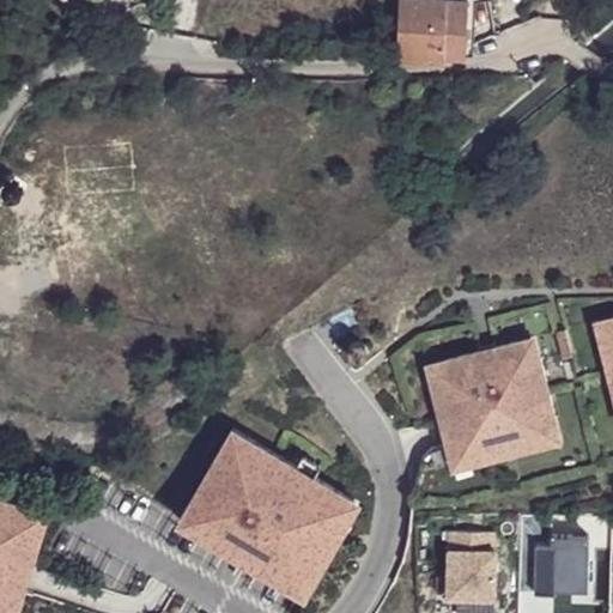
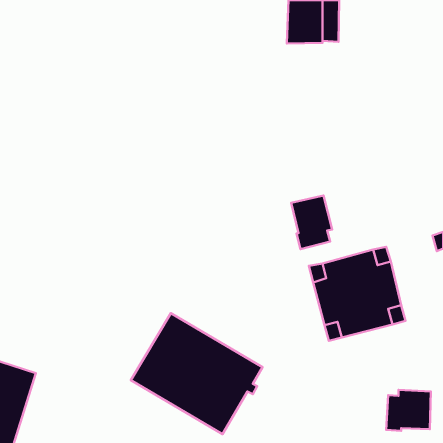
building: none -> [291,196,332,249]
building: [447,536,494,603] -> none

